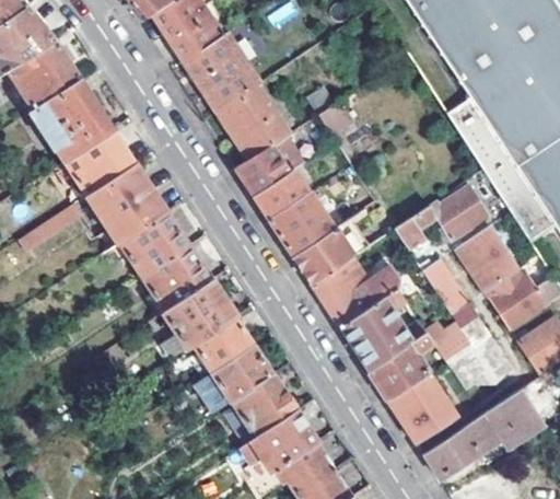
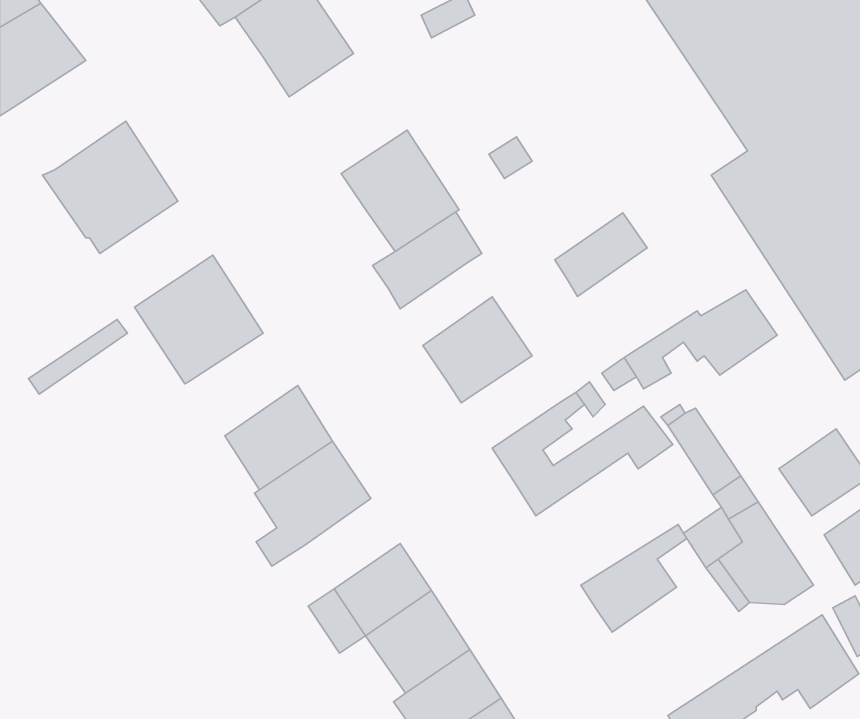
building: [183,34,259,112] -> none
building: [9,40,80,109] -> none
building: [63,129,135,196] -> none
building: [253,167,311,220] -> [555,213,647,296]
building: [119,212,188,277] -> none
building: [456,224,518,289] -> none
building: [291,227,354,285] -> none
building: [338,288,428,371] -> none
building: [192,316,253,373] -> none
building: [386,372,455,443] -> none

